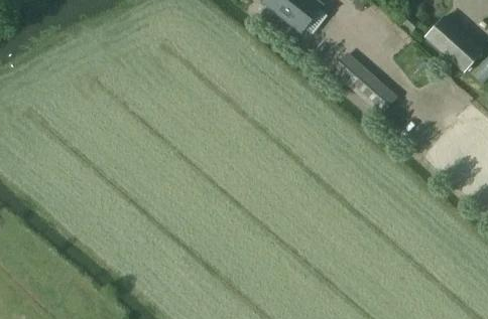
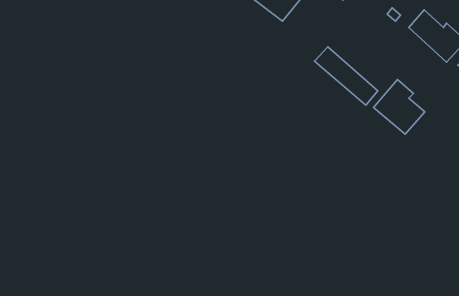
building: none -> [373,79,425,134]

